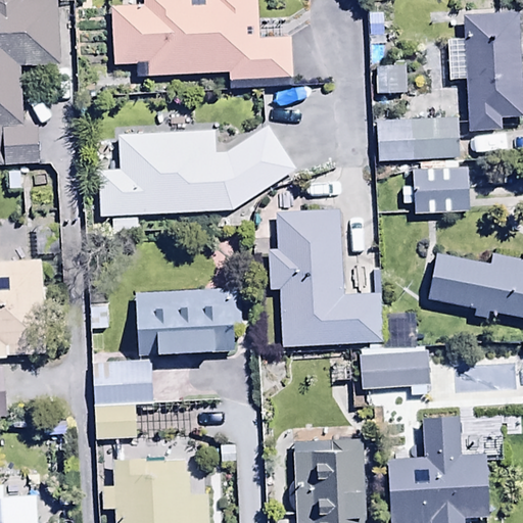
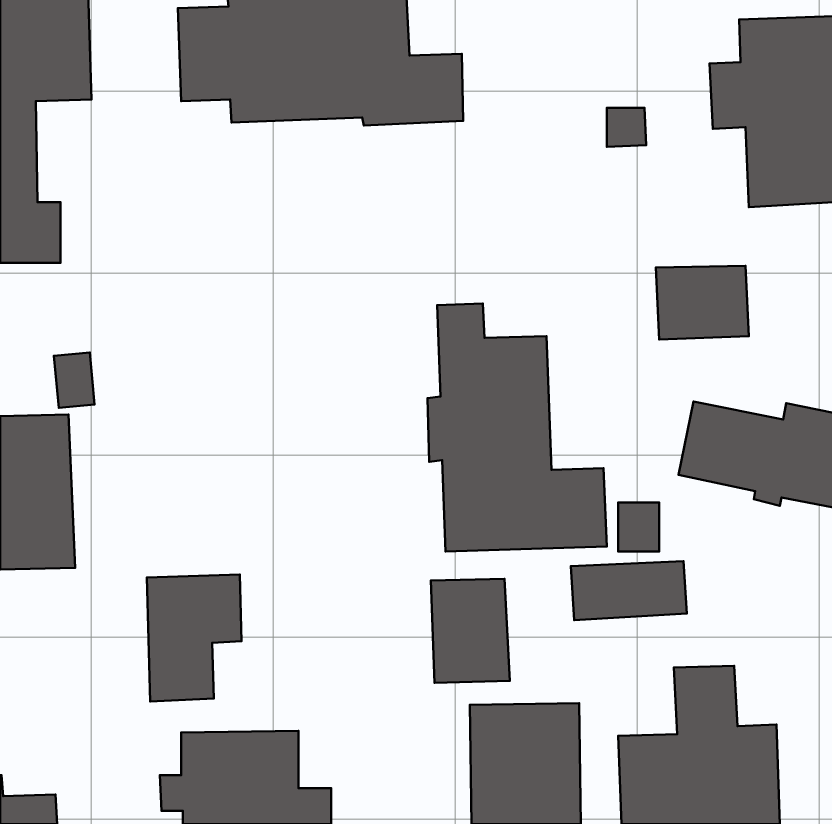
building: [378,118,460,160] -> none
building: [97,124,294,232] -> none
building: [136,289,241,355] -> none
building: none -> [431,579,510,683]

